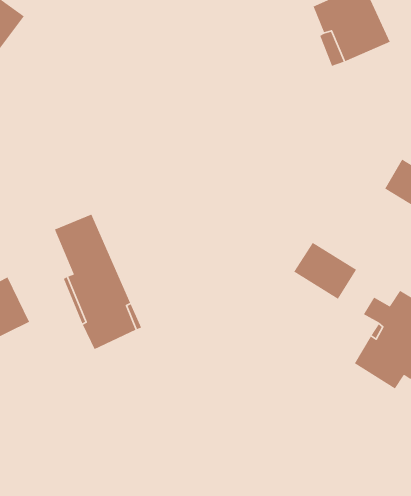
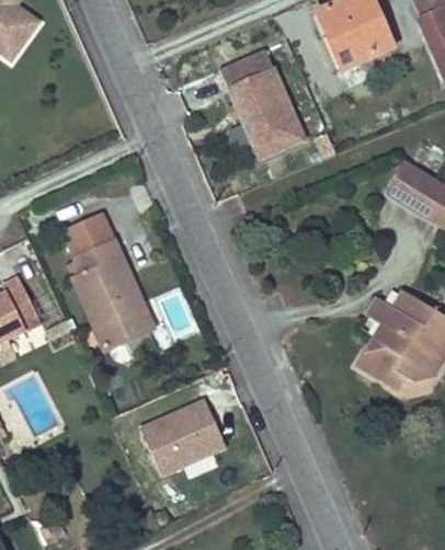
building: none -> [219,48,304,158]
building: [293,242,357,300] -> none
building: none -> [140,399,226,475]

